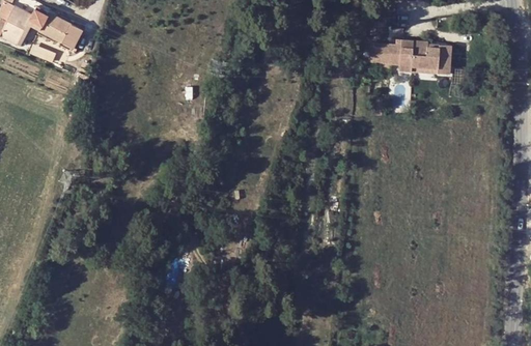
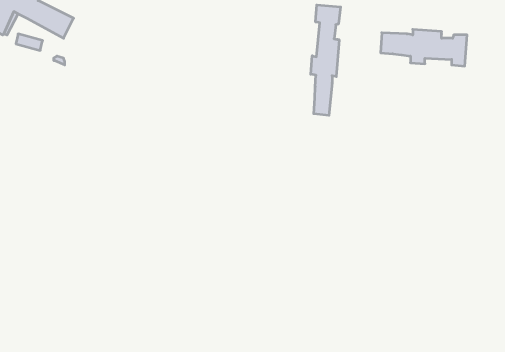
building: none -> [311,5,341,115]

